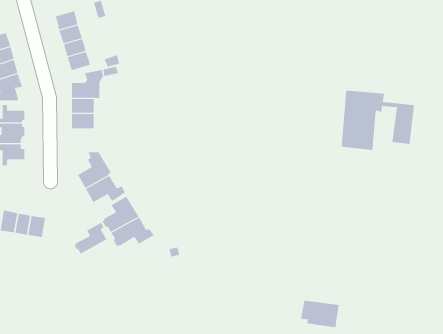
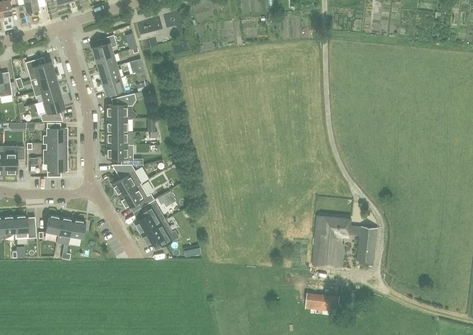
building: [341,90,415,150] -> [314,215,378,267]
building: none -> [107,144,133,164]
building: [73,222,107,254] -> none

